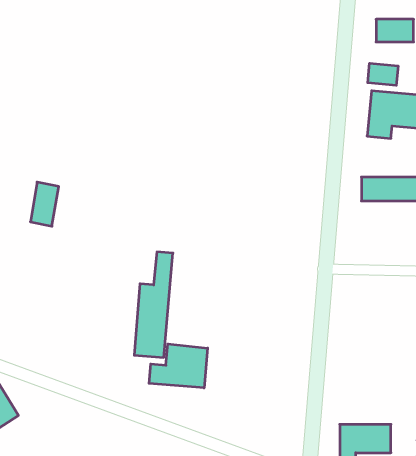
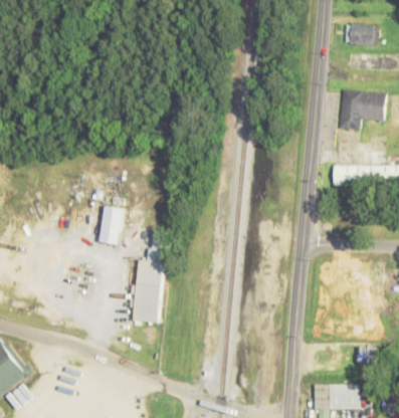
building: [368,63,398,85] -> none
building: [30,182,59,226] -> [99,206,125,245]
building: [149,344,208,388] -> none

